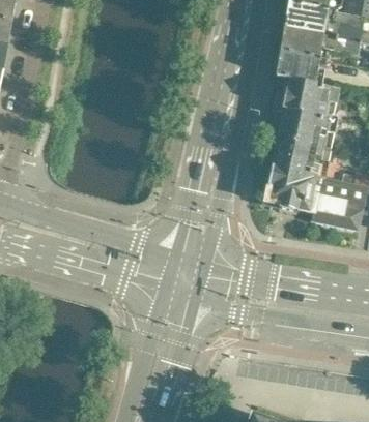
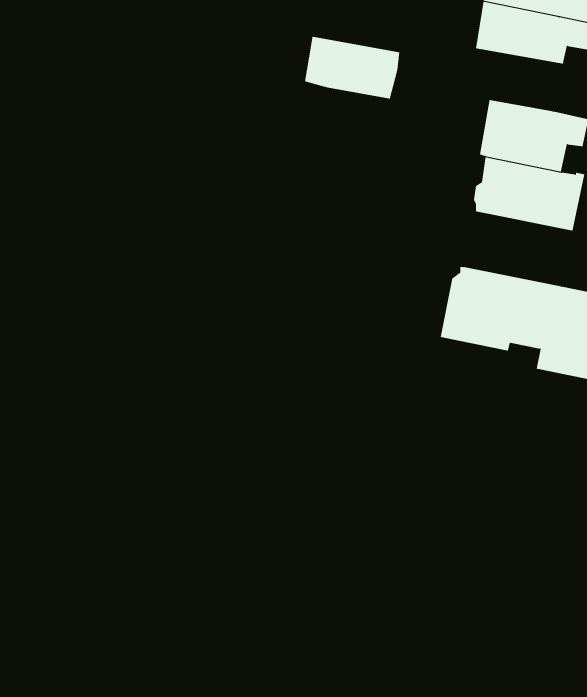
building: [275,51,325,84] -> [304,36,400,99]
building: [273,137,331,176] -> none

